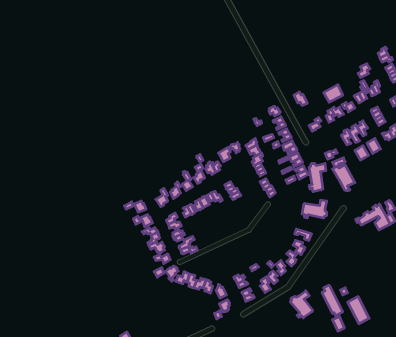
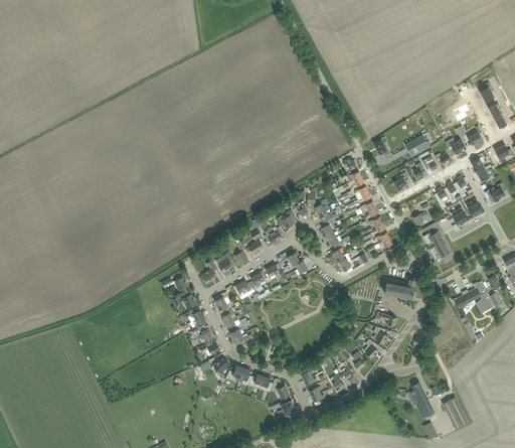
building: [309,163,326,192] -> none
building: [290,291,313,318] -> none

